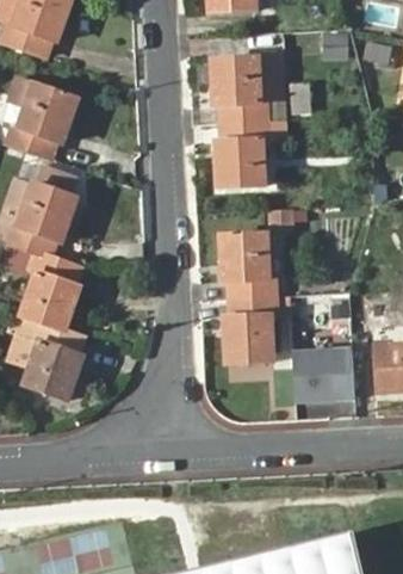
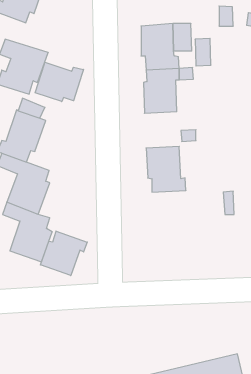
building: none -> [35,62,83,102]
building: [224,298,278,364] -> none
building: [292,350,353,401] -> none
building: none -> [40,231,87,276]

